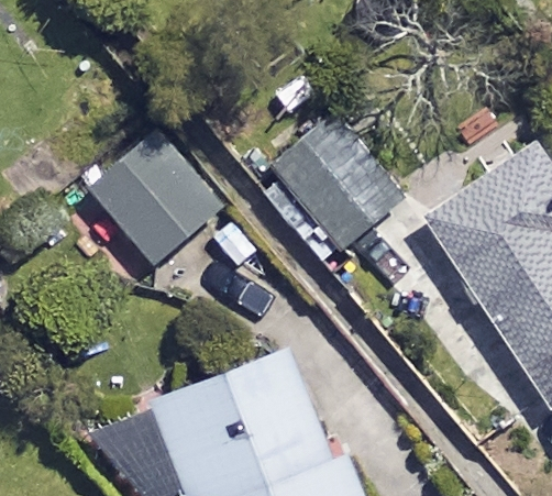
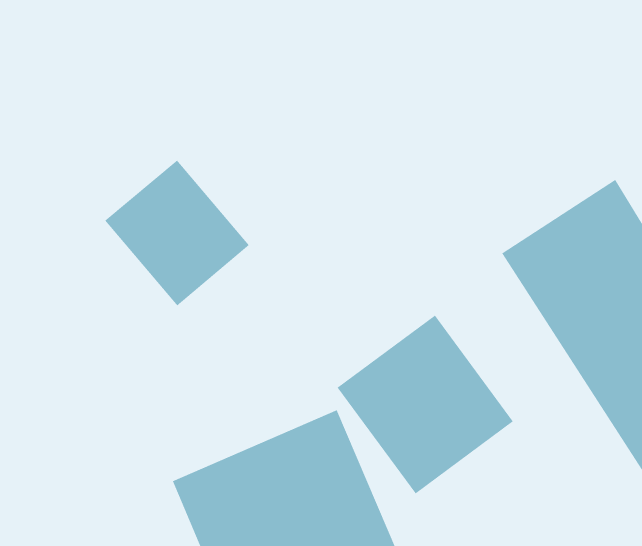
building: [241,90,406,263] -> none
building: none -> [337,314,514,495]

